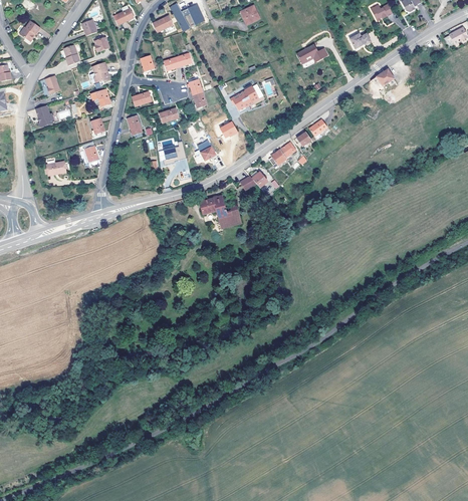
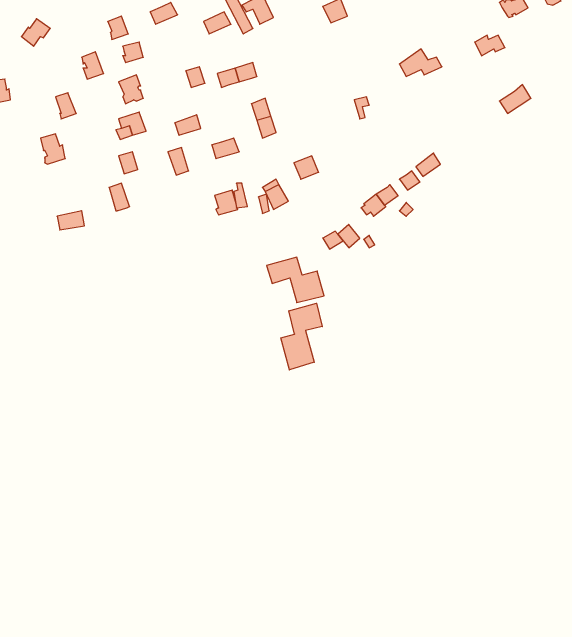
building: [229,82,258,109] -> none
building: none -> [281,303,322,370]

